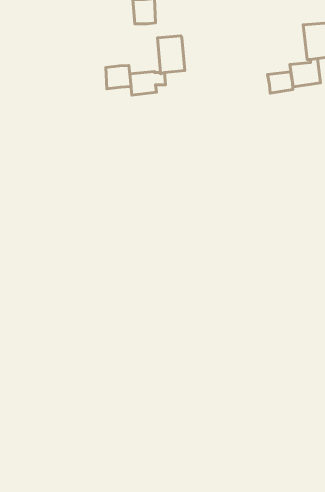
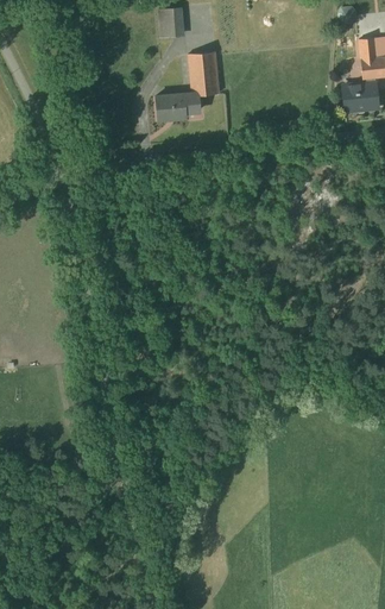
building: [106,65,131,89] -> none
building: [267,72,293,93] -> none

